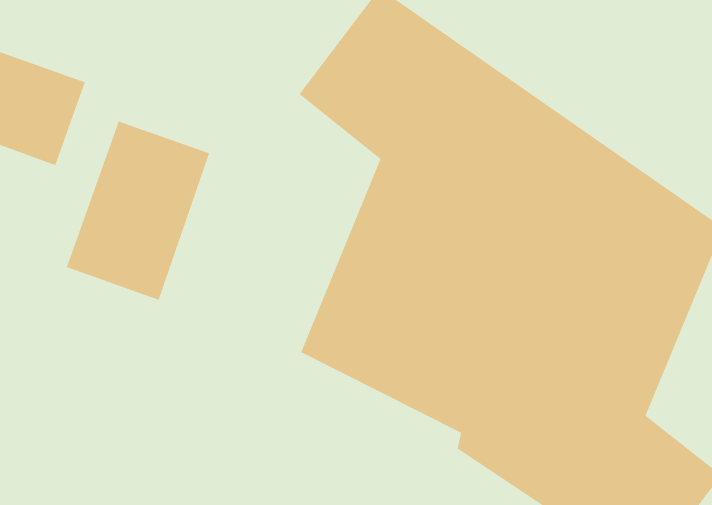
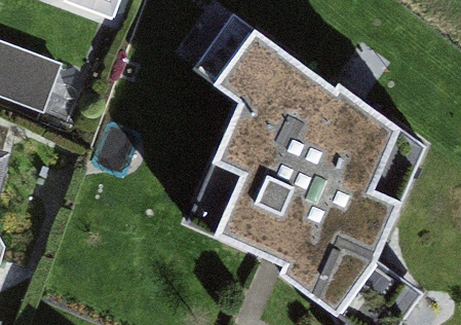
building: [66,121,210,301] -> none

